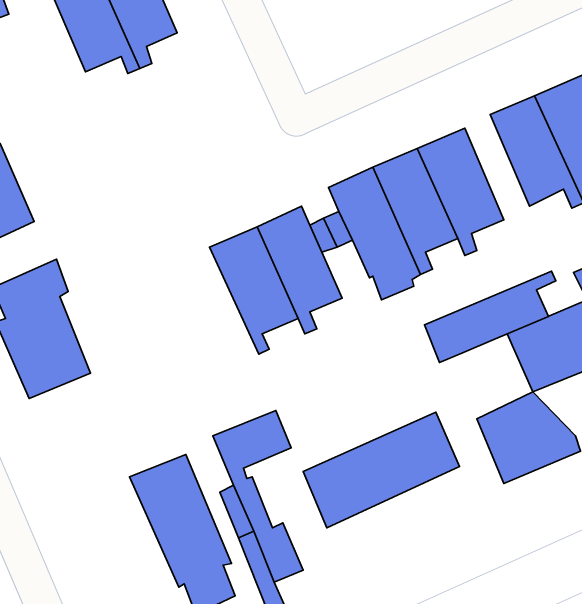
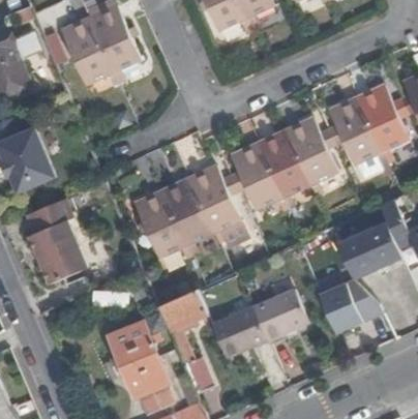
building: none -> [130,189,187,258]
building: [424,271,556,362] -> none

